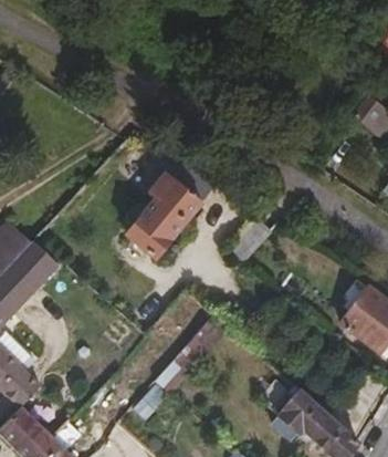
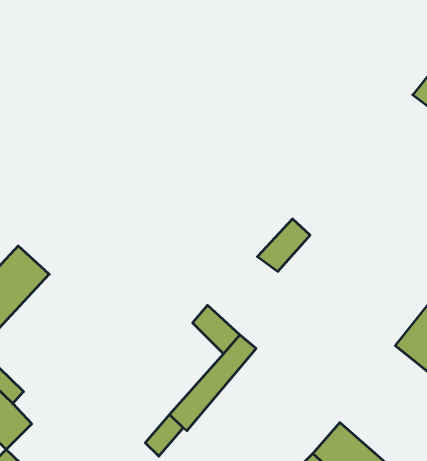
building: [126,170,217,257] -> none

